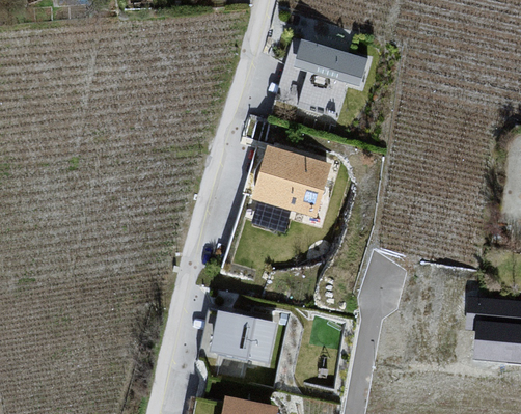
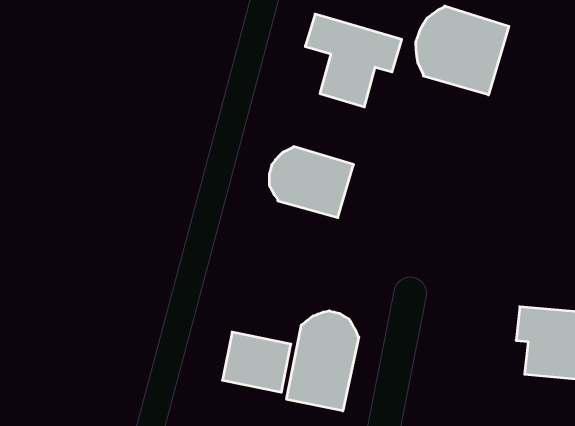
building: none -> [416,6,509,95]
building: none -> [287,311,359,411]

